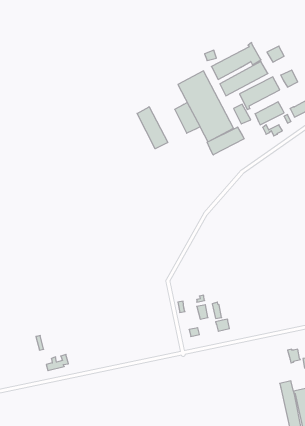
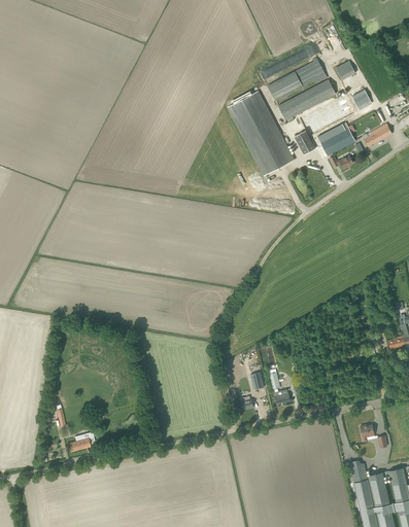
building: [175,102,200,133] -> none
building: [137,107,168,149] -> none
building: [207,127,244,155] -> none

